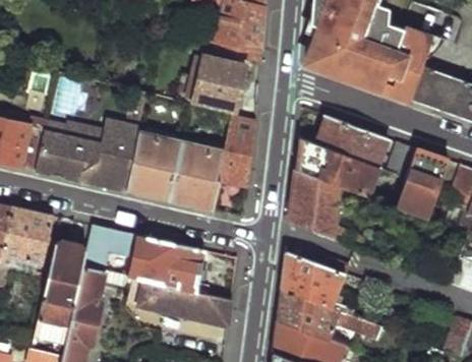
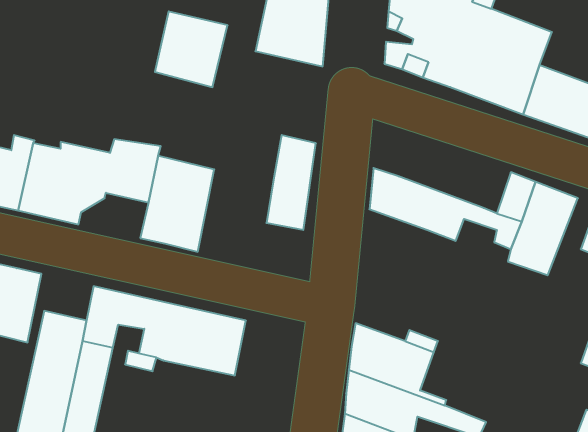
building: [192,56,246,112] -> [155,11,228,87]
building: [317,115,392,169] -> none
building: [169,140,225,212] -> none
building: [80,158,132,191] -> none
building: [290,170,357,246] -> none
building: [139,282,231,326] -> none

